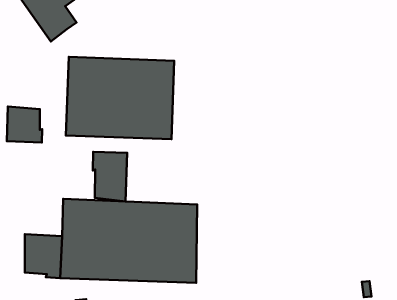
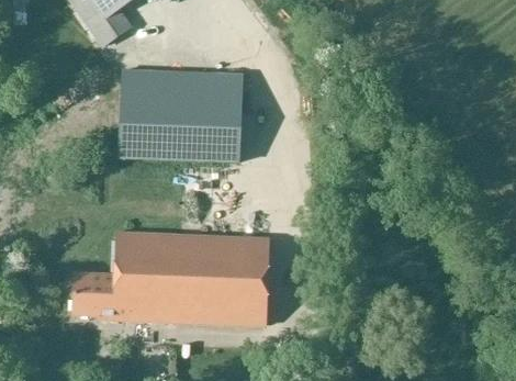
building: [7,106,42,142] -> none
building: [93,152,127,201] -> none

